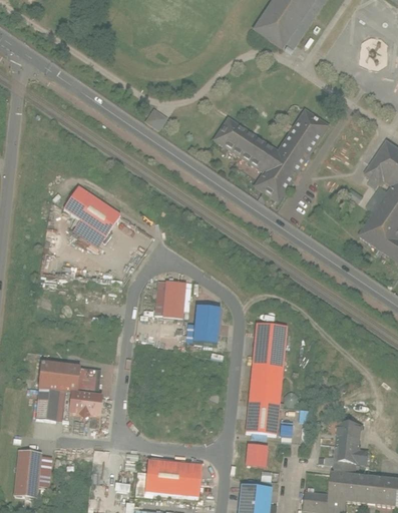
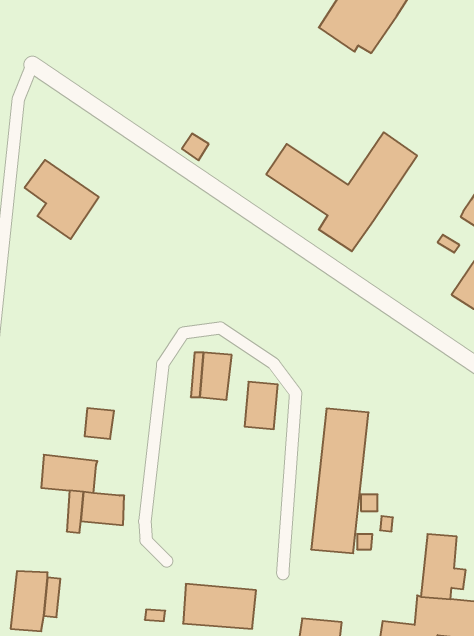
building: [60,187,118,249] -> [25,160,99,239]
building: [77,368,100,392] -> [85,408,114,439]
building: [33,386,58,420] -> none
building: [245,443,266,465] -> none

